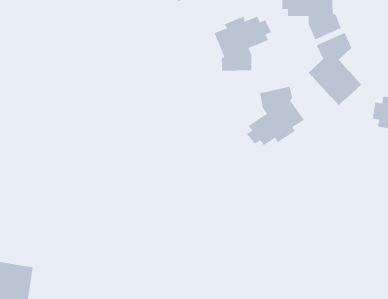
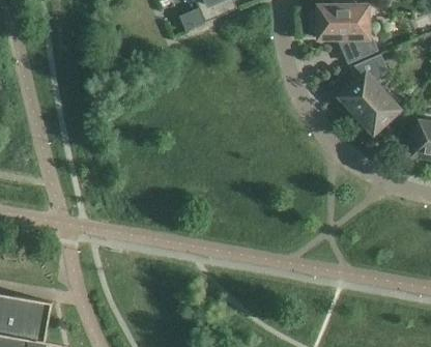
building: [214,16,272,72] -> none
building: [246,86,305,146] -> none

